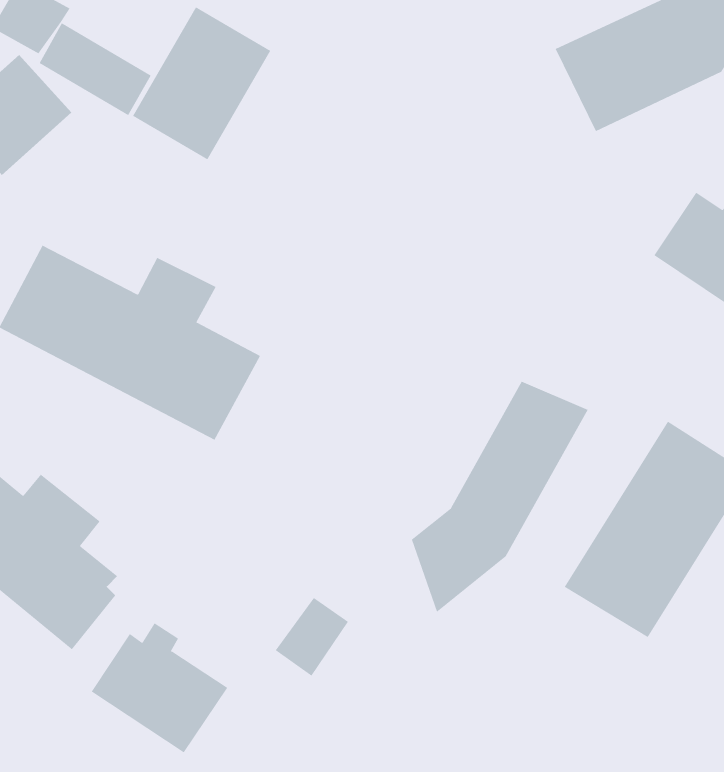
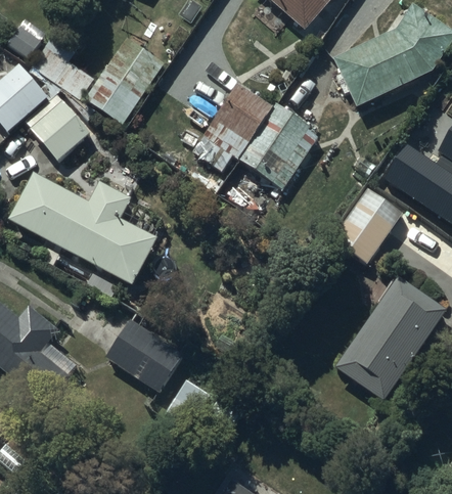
building: none -> [195,84,317,186]
building: none -> [33,102,92,160]
building: none -> [331,196,397,265]
building: [411,381,589,613] -> none
building: [91,623,228,753] -> [104,315,184,391]

